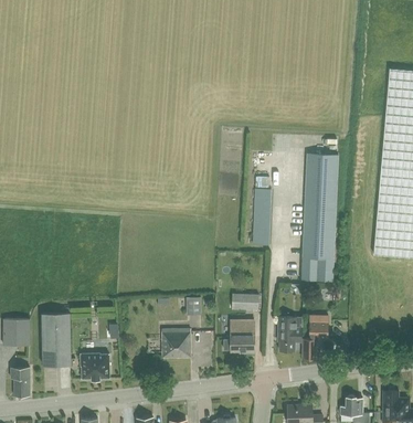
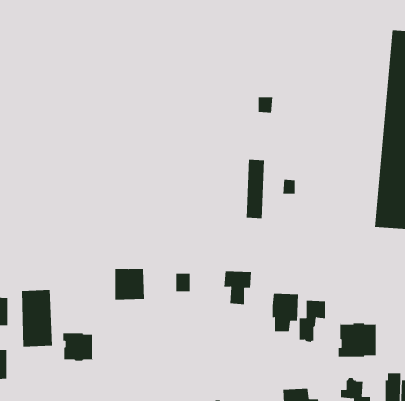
building: [300,154,338,282] -> none
building: [224,327,254,353] -> none
building: [162,328,191,358] -> [114,269,145,300]
building: none -> [338,322,378,358]

